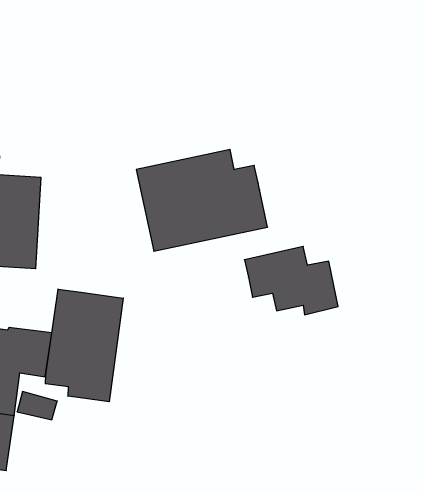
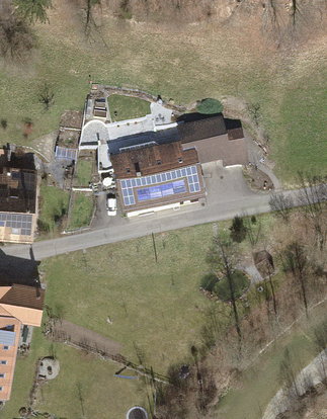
building: [244,246,338,315] -> [176,124,247,176]
building: [45,289,123,402] -> none

